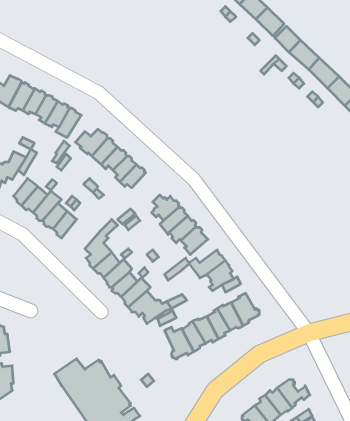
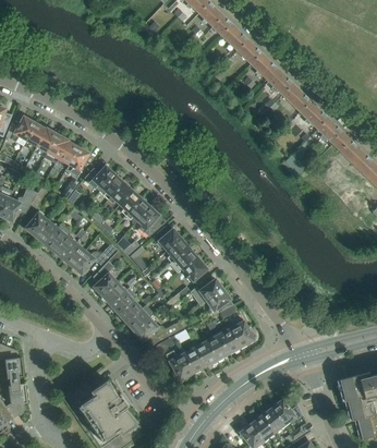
building: none -> [136,207,162,238]
building: none -> [71,244,115,275]

